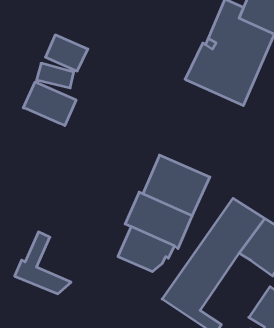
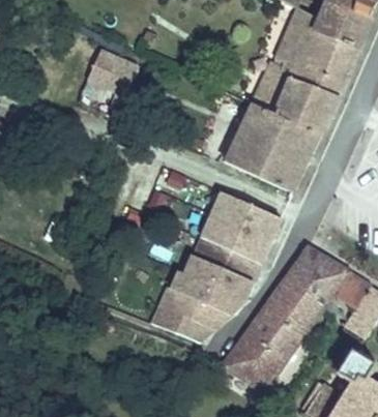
building: none -> [226,103,320,191]
building: [23,82,76,126] -> none
building: [15,232,71,294] -> [147,269,213,341]

